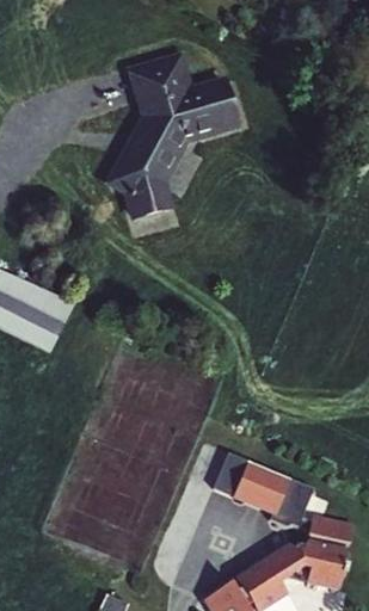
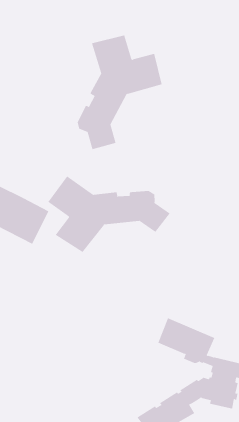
building: none -> [47,175,170,253]

